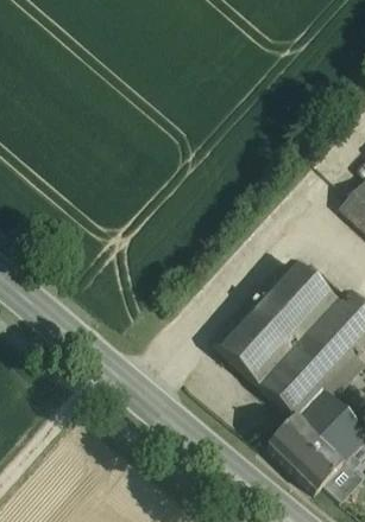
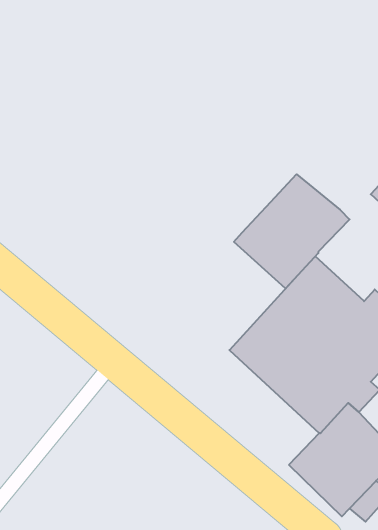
building: none -> [234,174,350,288]

